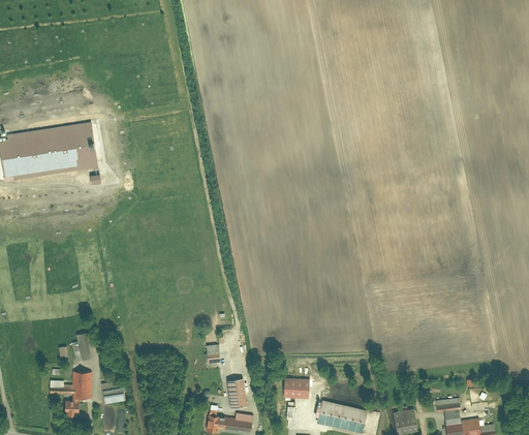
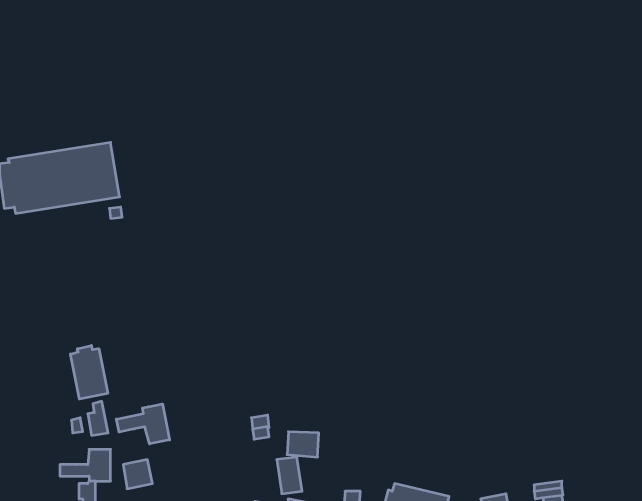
building: none -> [70,345,108,399]
building: none -> [116,404,170,444]
building: [283,378,309,399] -> [287,432,319,457]

